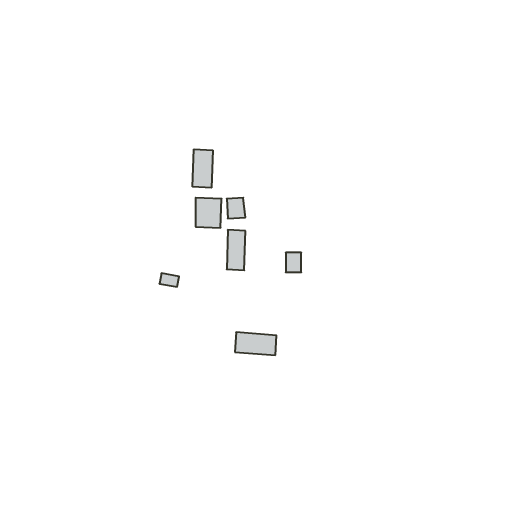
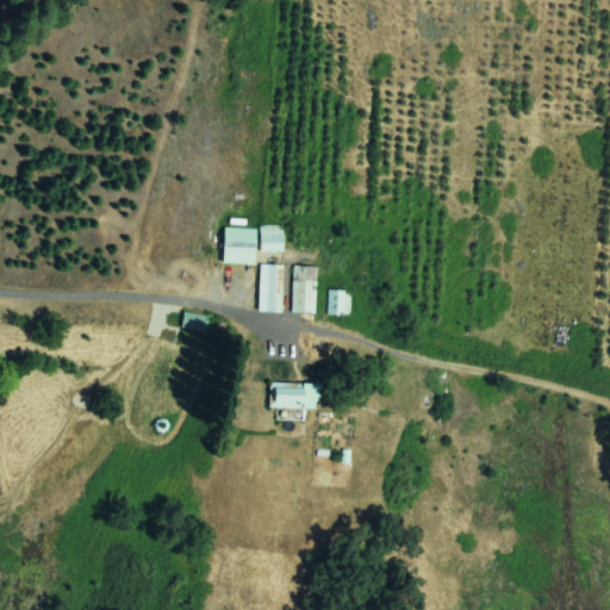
building: [193,149,213,188] -> none
building: none -> [293,266,316,312]

